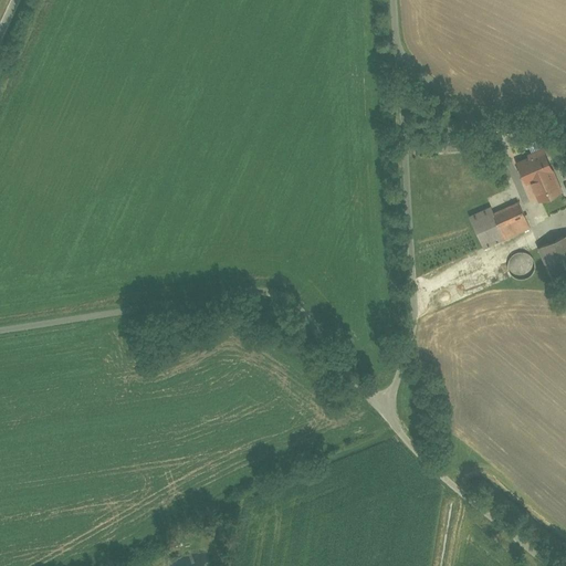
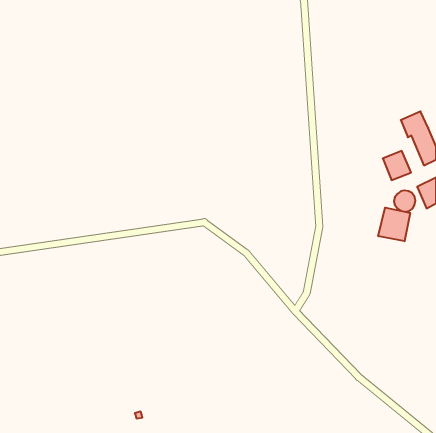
building: [468,207,504,249] -> none
building: none -> [378,208,410,241]

